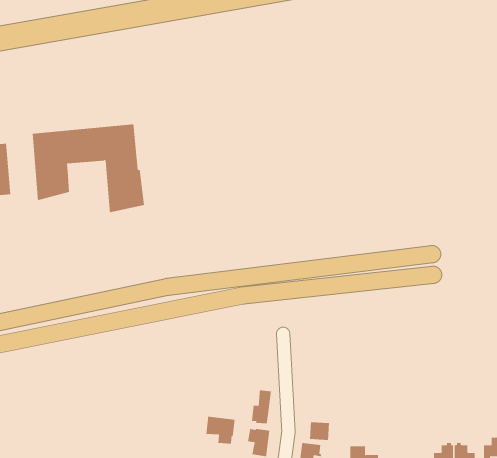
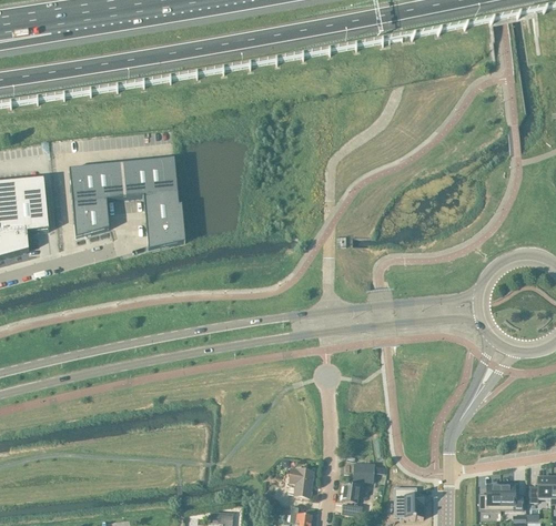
building: [251,390,271,424] -> none
building: [206,416,235,444] -> none

